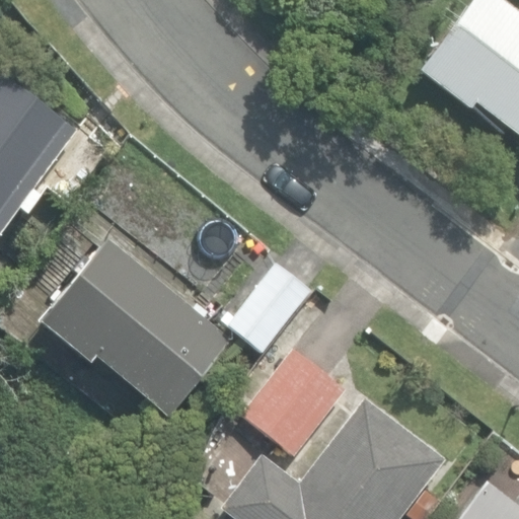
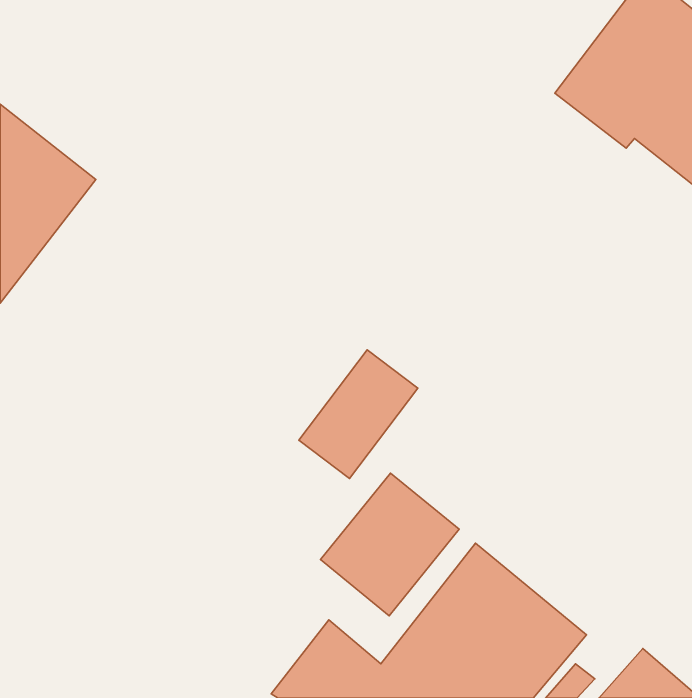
building: [41,237,236,420] -> none

